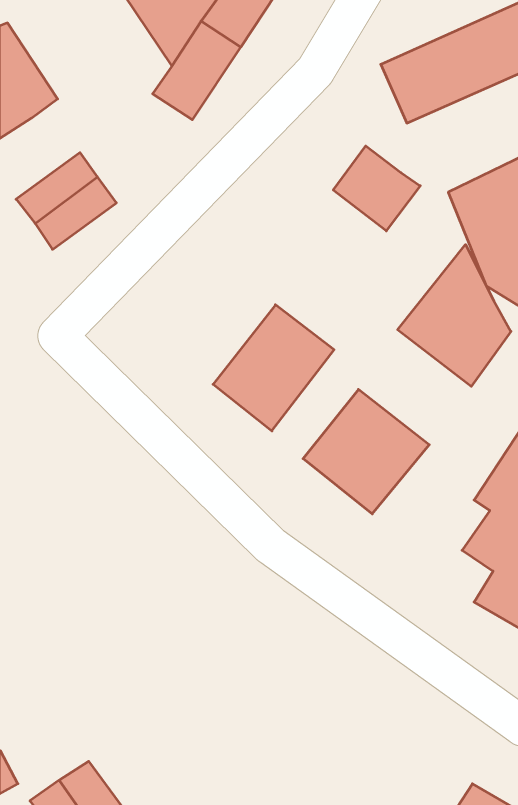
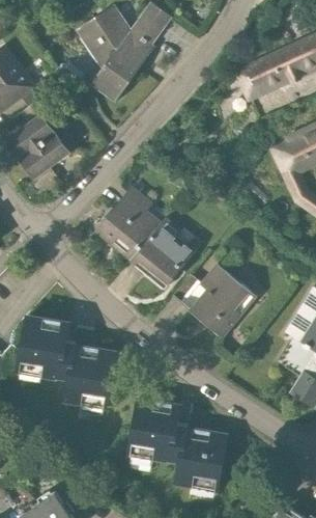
building: [333,146,420,231] -> none
building: [398,245,511,386] -> none
building: none -> [92,186,166,262]
building: none -> [19,318,116,413]
building: none -> [130,400,228,490]

